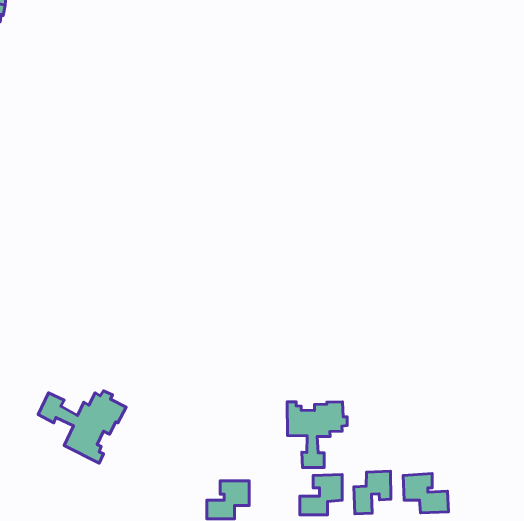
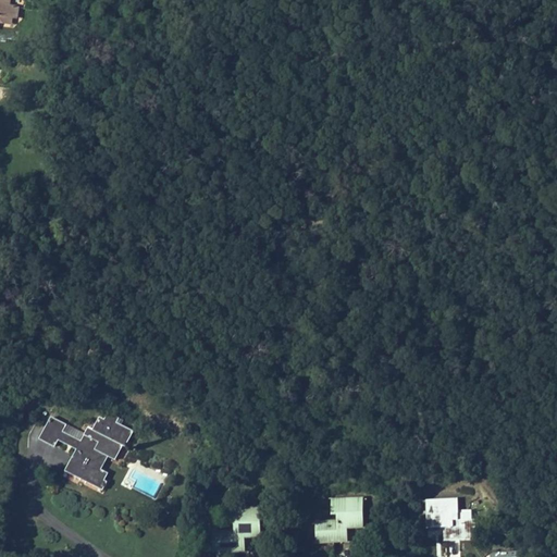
building: [287,402,347,467] -> none
building: [354,471,391,514] -> none

